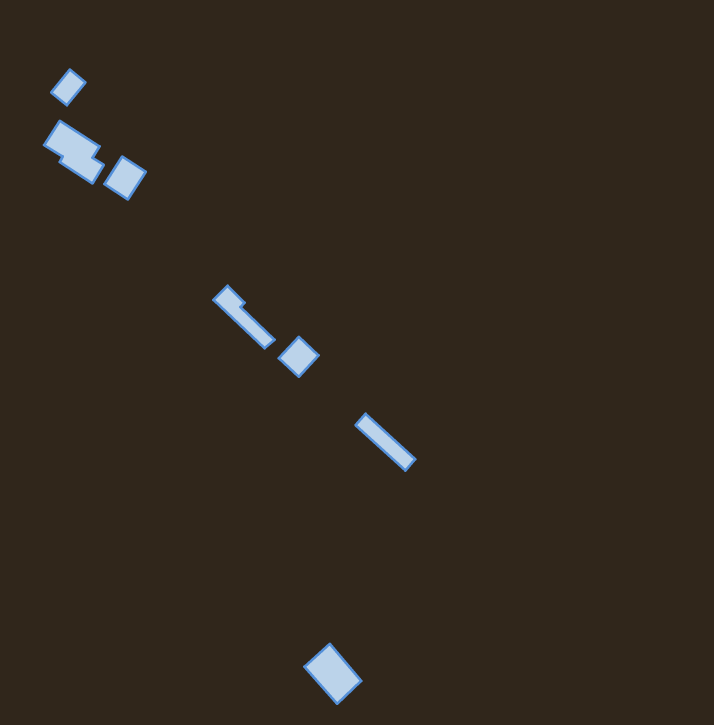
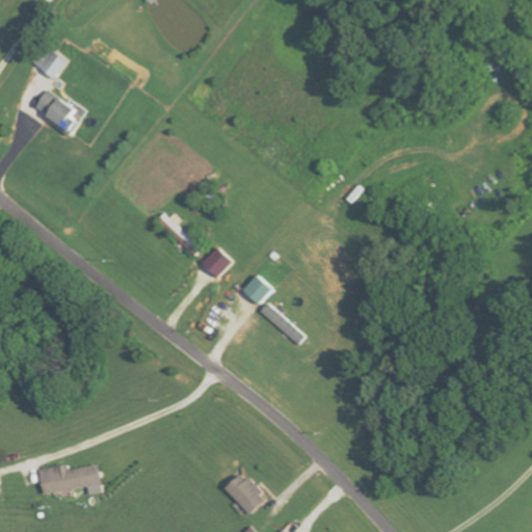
building: [104,157,146,199] -> none
building: none -> [242,274,272,303]
building: none -> [39,464,101,494]

